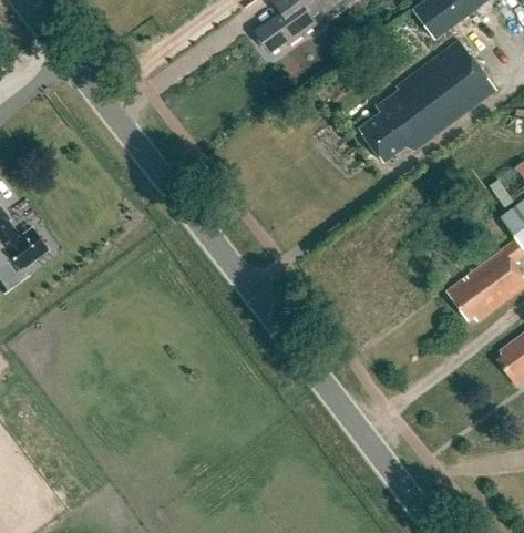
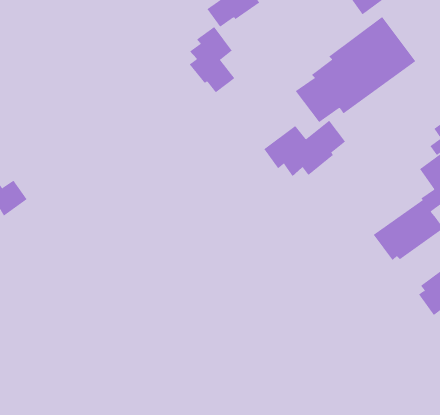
building: none -> [189,26,235,93]
building: none -> [264,120,346,177]

